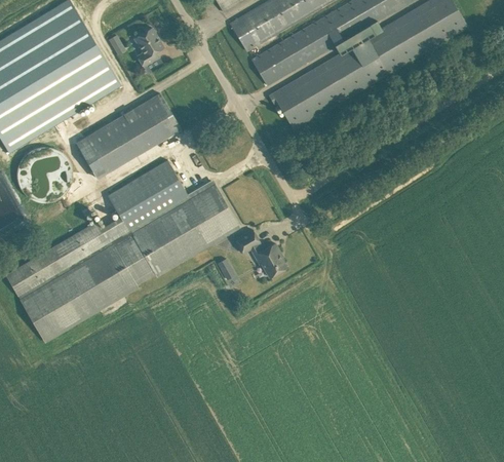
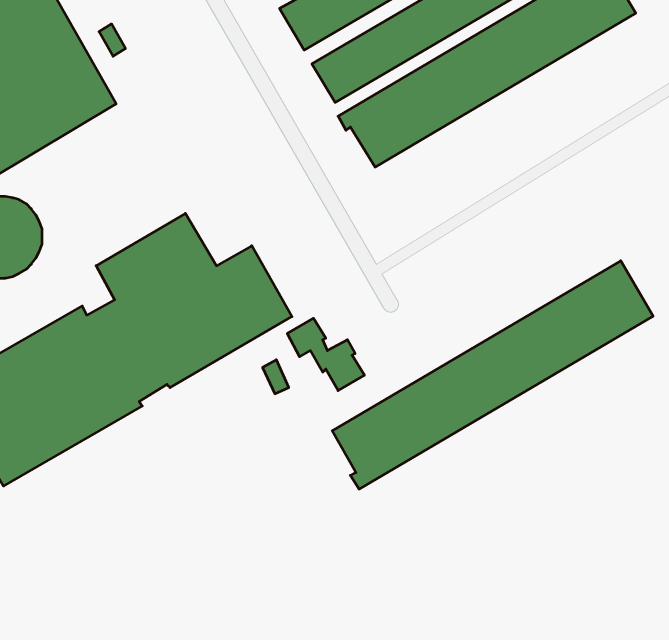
building: [135,27,163,67] -> none
building: [75,92,183,178] -> none
building: none -> [332,261,653,489]

